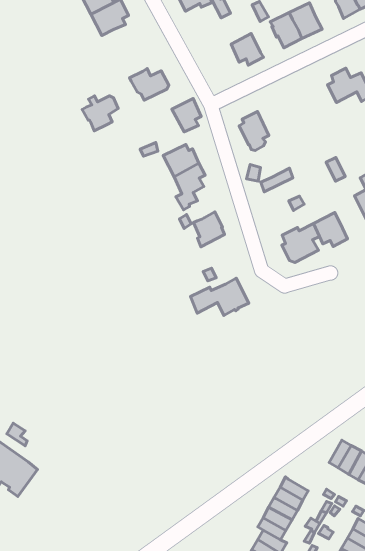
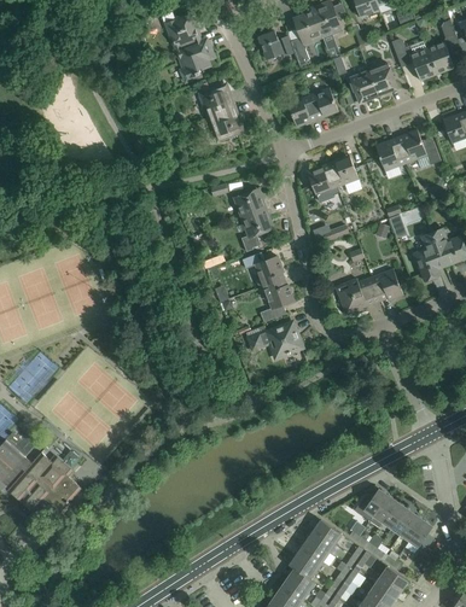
building: none -> [375,140,406,170]
building: [82,96,118,131] -> [198,84,233,118]
building: [172,98,201,132] -> [287,95,315,127]
building: none -> [328,157,359,187]
building: none -> [261,279,295,309]

